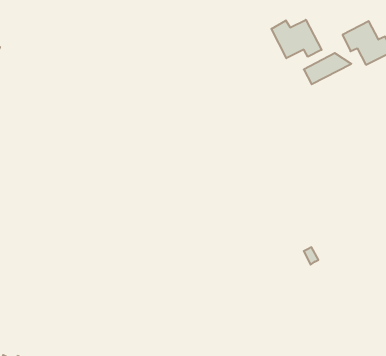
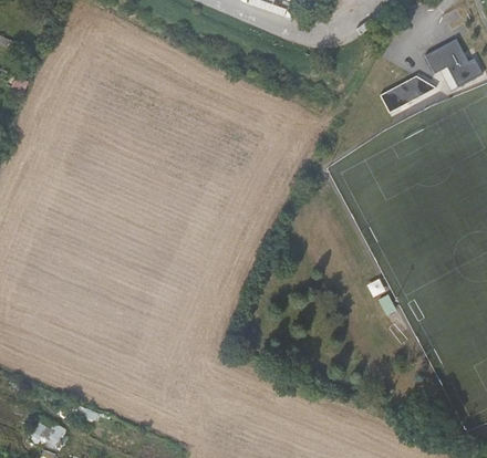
building: [271,20,322,58] -> none

